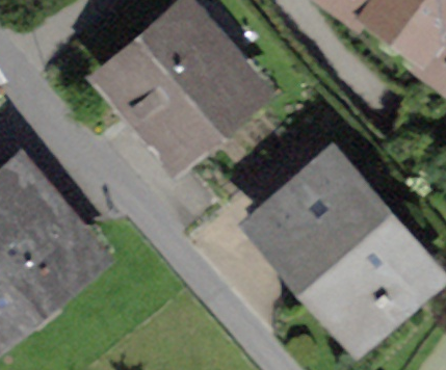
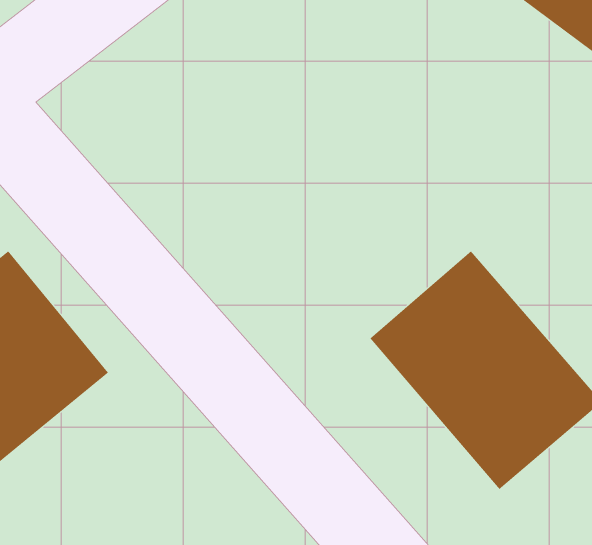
building: [114,11,256,153] -> none

